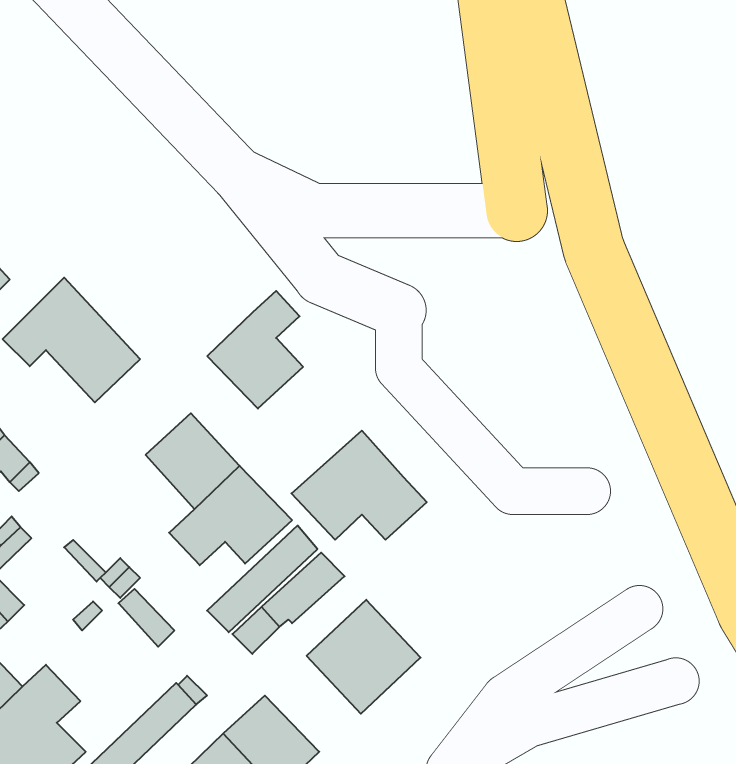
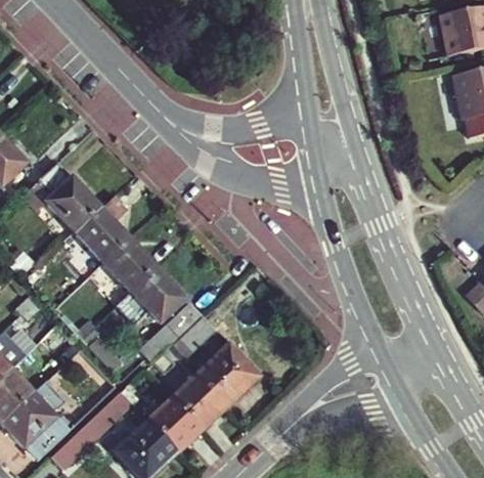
building: [207,291,303,409] -> [75,194,129,261]
building: [291,431,427,540] -> none
building: none -> [171,375,225,429]

